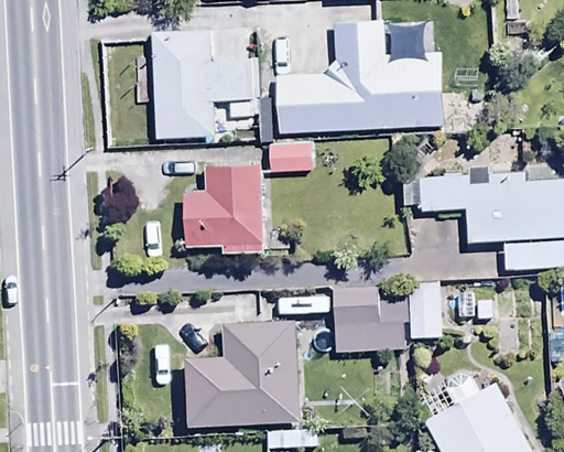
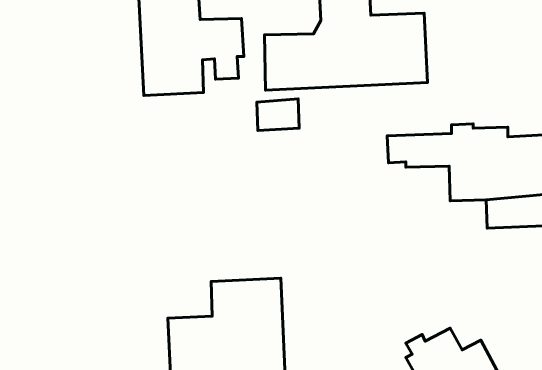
building: [184,163,262,249] -> none
building: [408,283,442,340] -> none
building: [332,289,406,353] -> none

